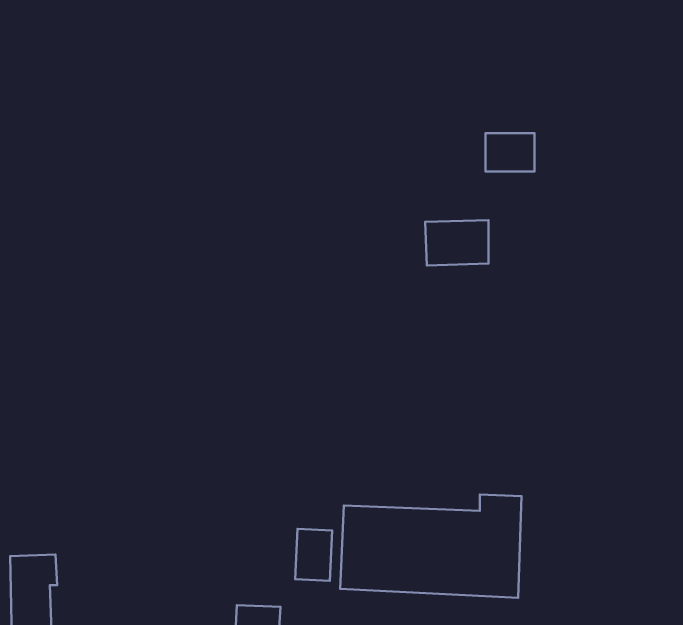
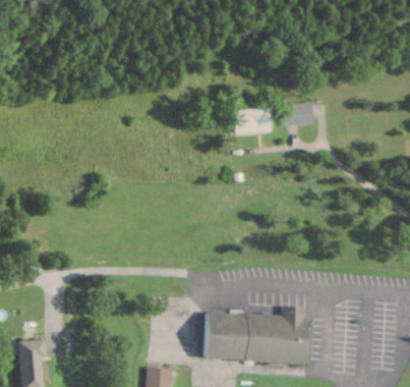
building: [425,220,489,265] -> [235,107,271,132]
building: [295,529,332,581] -> none

